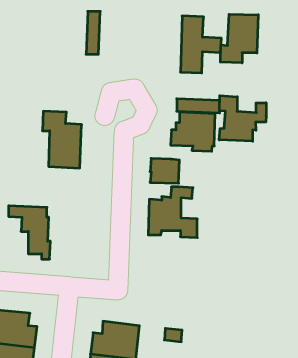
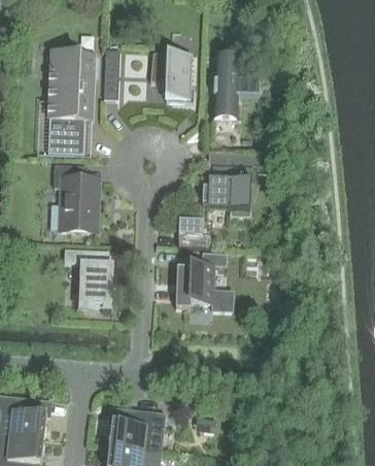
building: none -> [47,53,96,156]
building: none -> [149,54,194,103]
building: [220,14,258,63] -> none
building: [219,96,266,141] -> none
building: [9,206,50,259] -> [64,251,112,312]

